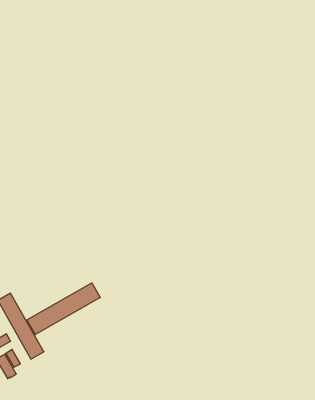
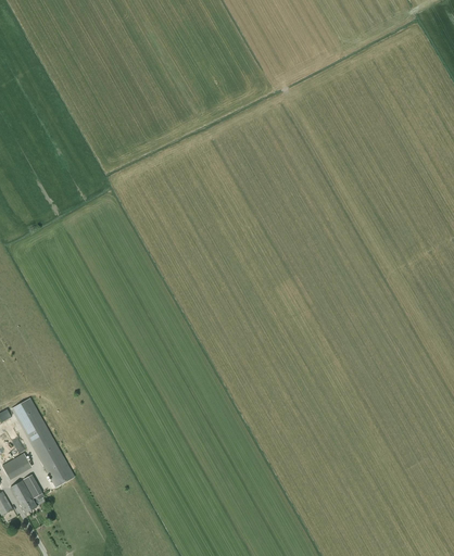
building: [27,283,100,335] -> none

